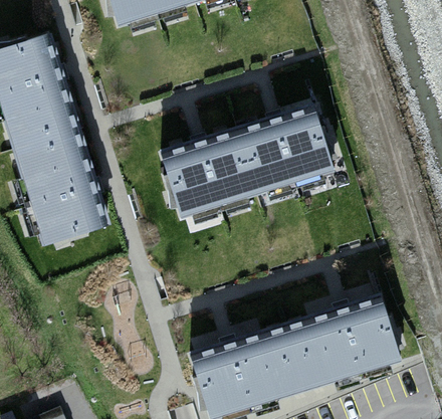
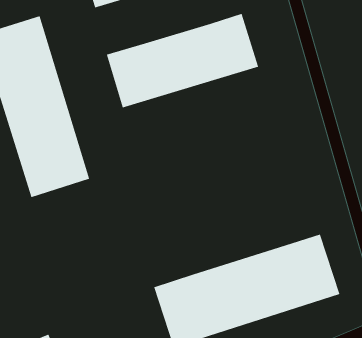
building: [159,108,338,219] -> [106,13,259,108]

